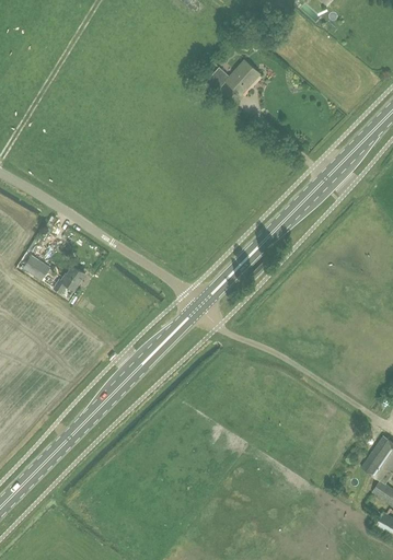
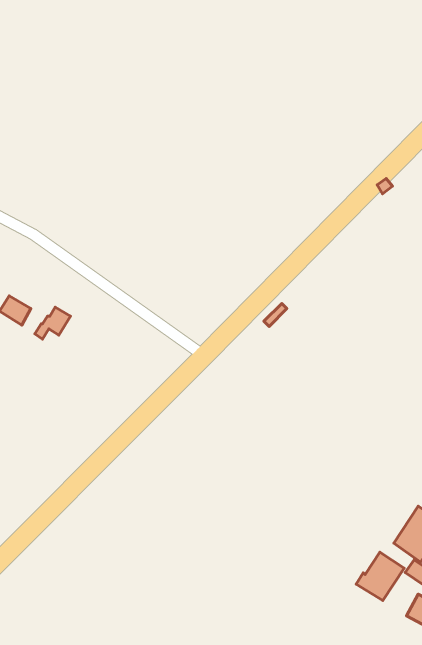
building: [205,59,259,94] -> none
building: none -> [356,552,404,601]

